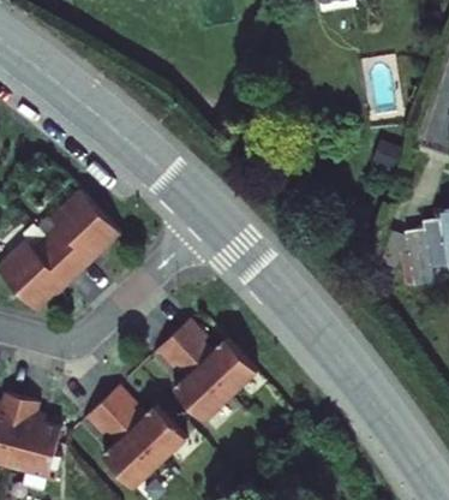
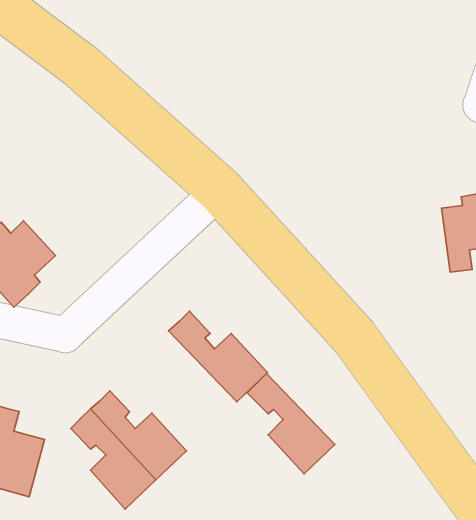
building: [44,194,120,270] -> none
building: [152,335,228,422] -> [247,373,335,474]

